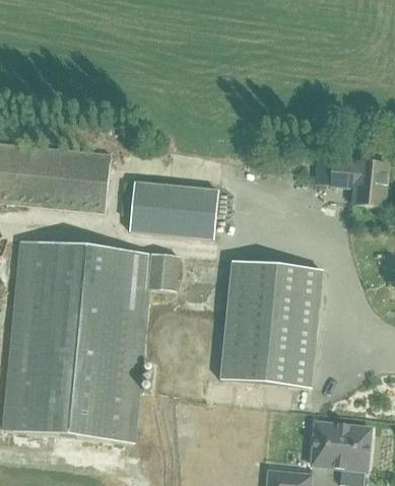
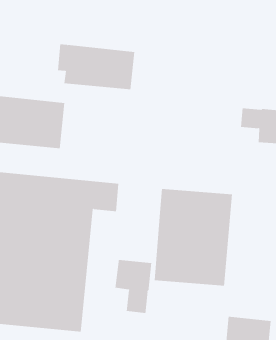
building: [120,181,218,238] -> [57,44,135,90]
building: none -> [115,259,152,314]

